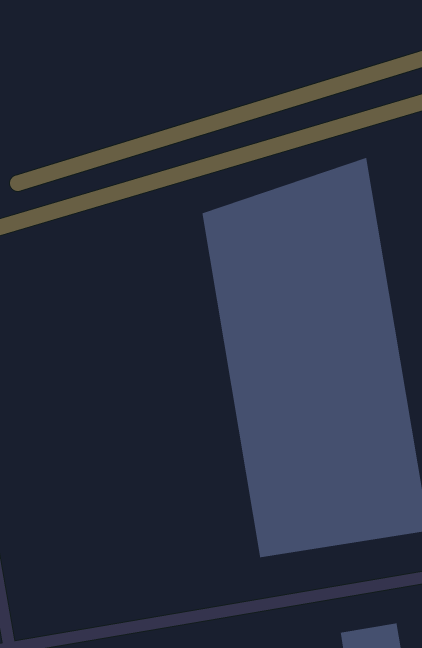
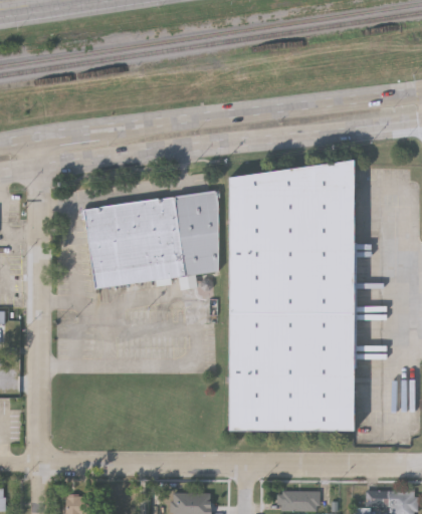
building: none -> [83,190,218,291]

